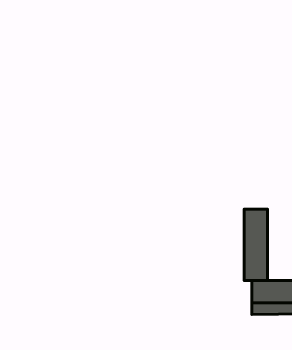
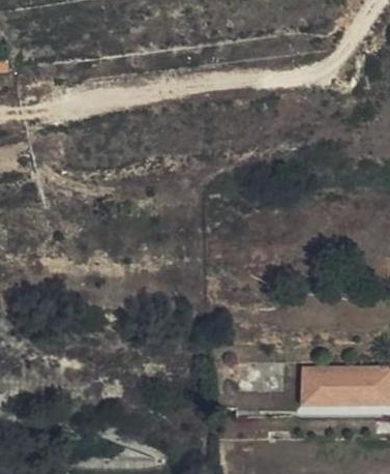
building: [244,209,267,281] -> none

